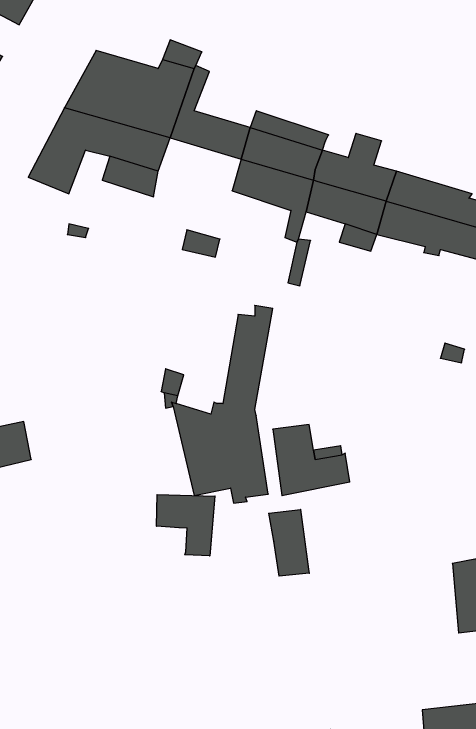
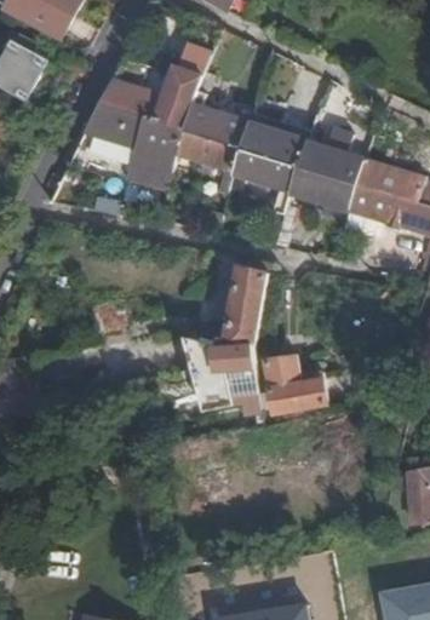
building: none -> [171,130,237,189]
building: [157,495,215,556] -> none
building: [269,509,309,576] -> none

